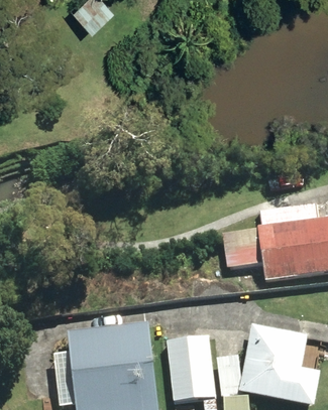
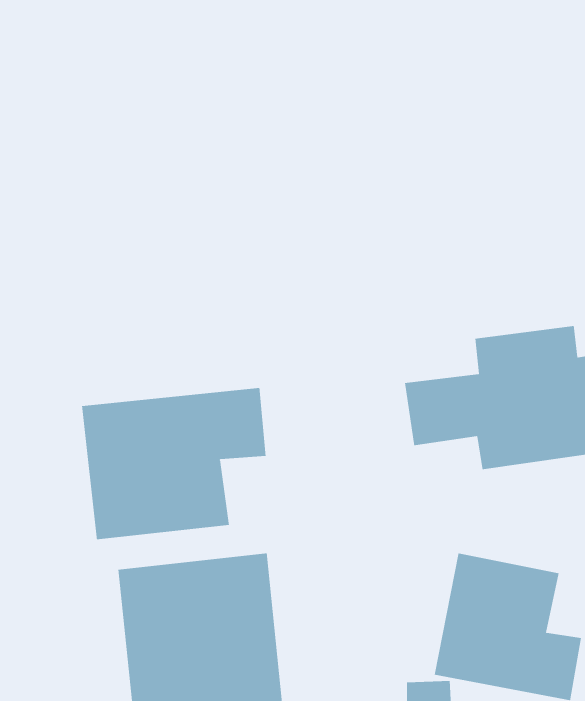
building: none -> [81,387,266,540]
building: [168,335,215,401] -> none

